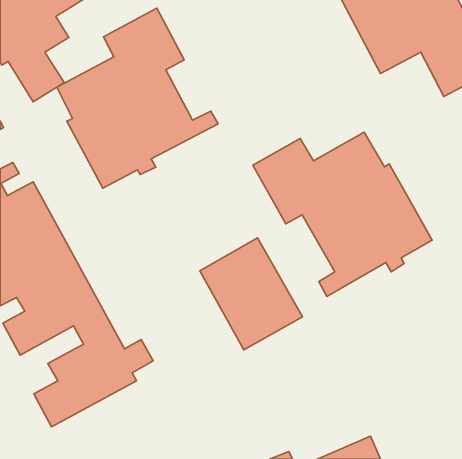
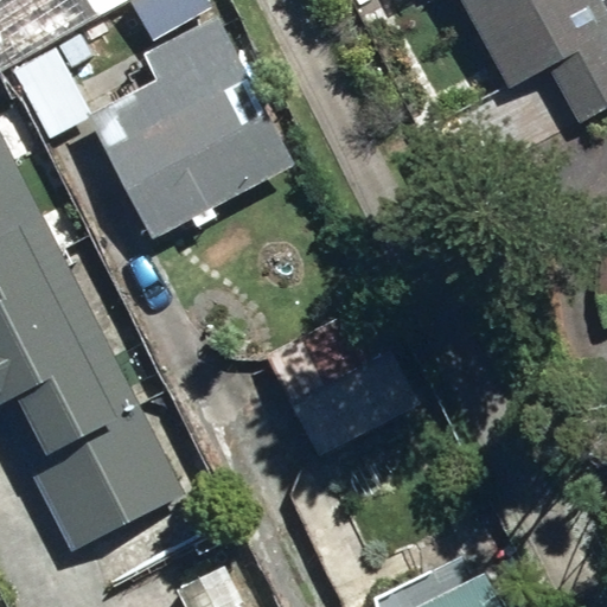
building: [253,132,432,297] -> none

